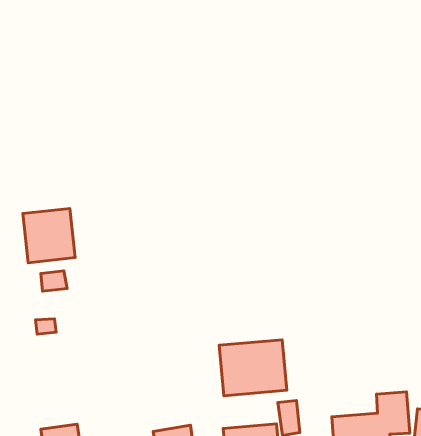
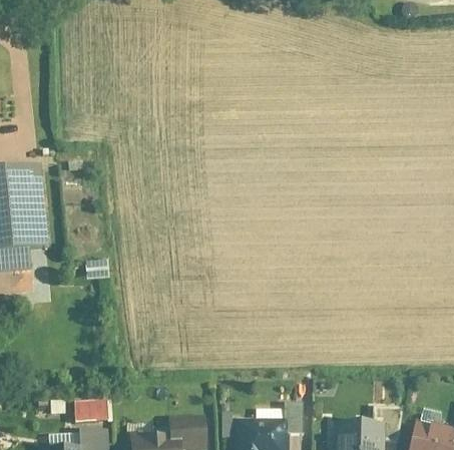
building: [23,209,75,263] -> none
building: [219,340,287,396] -> none

